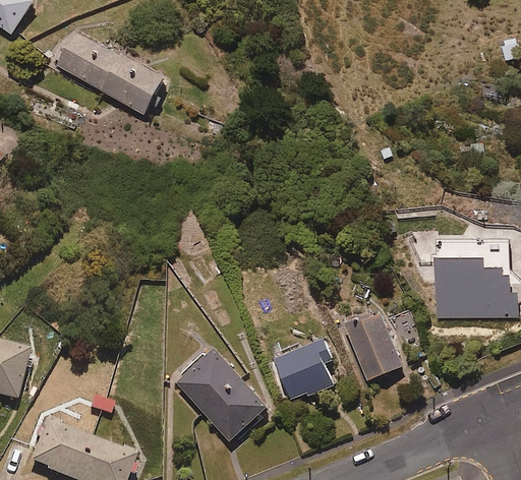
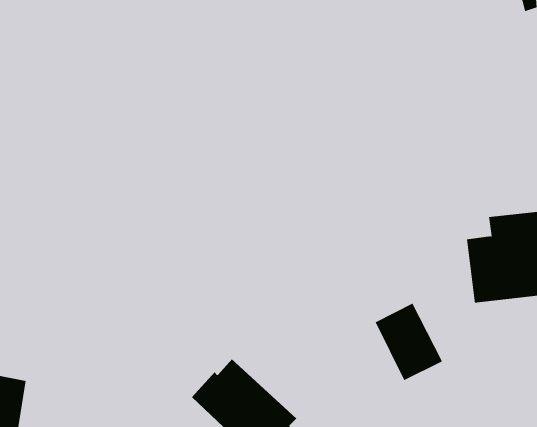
building: [56,32,163,113] -> none
building: [274,338,333,402] -> none

